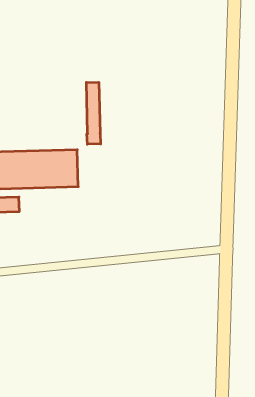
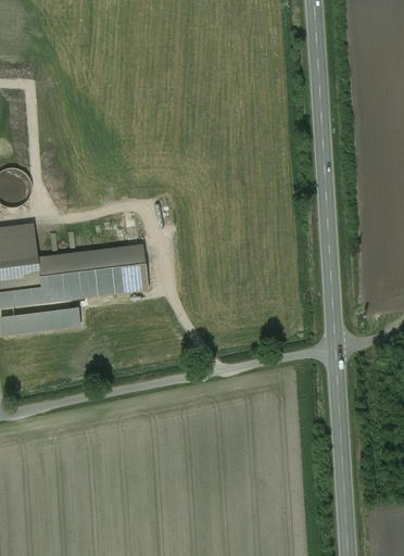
building: [86,82,101,144] -> none

